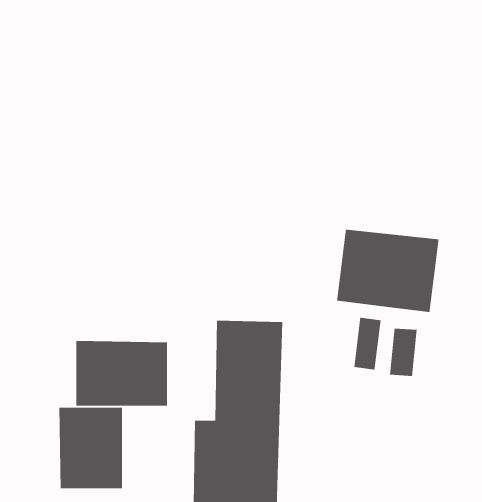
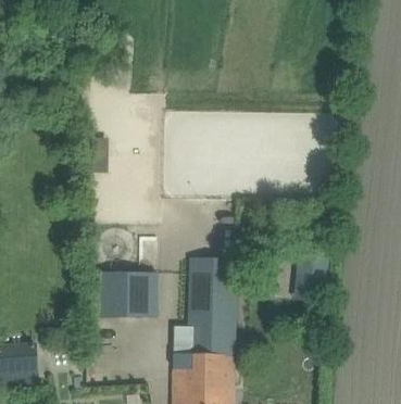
building: [337,229,439,313] -> none
building: [59,407,123,489] -> none

